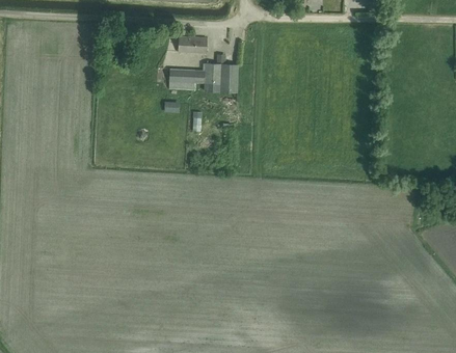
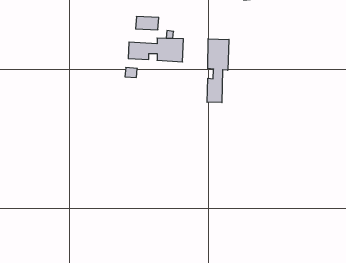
building: none -> [207,39,229,103]

